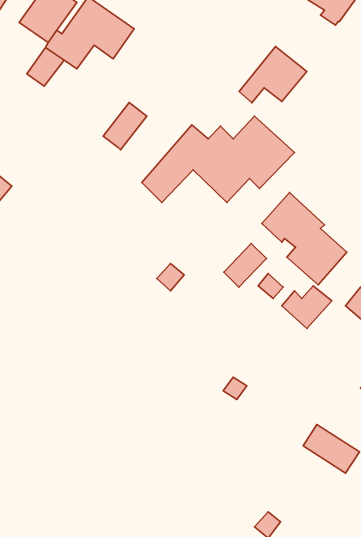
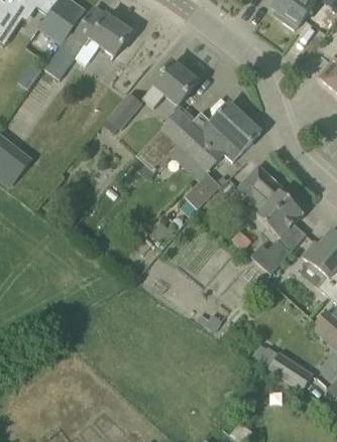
building: [239,47,307,103] -> [142,60,197,106]
building: [224,244,266,287] -> [185,172,219,207]

